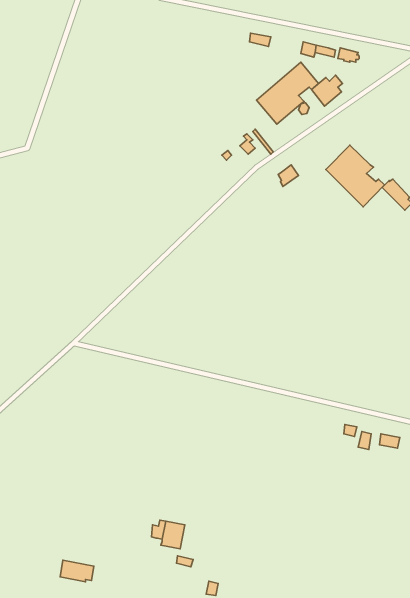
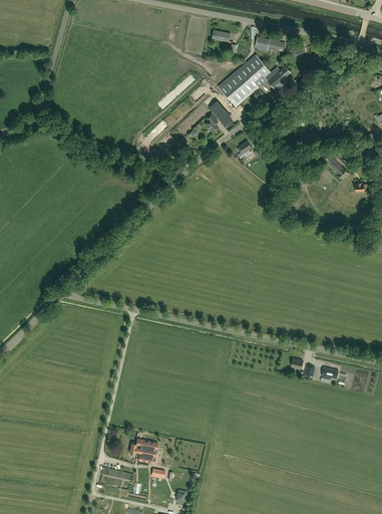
building: [326,145,385,207] -> none
building: [60,560,94,582] -> [102,469,130,487]

